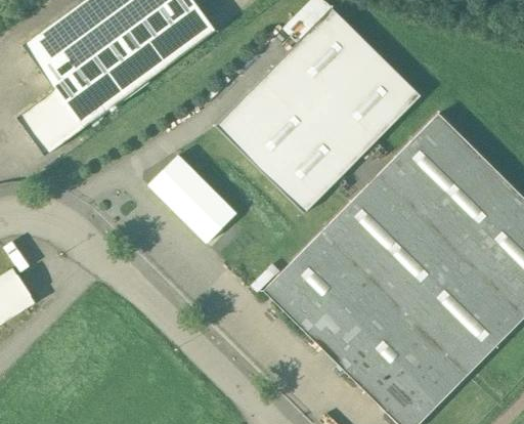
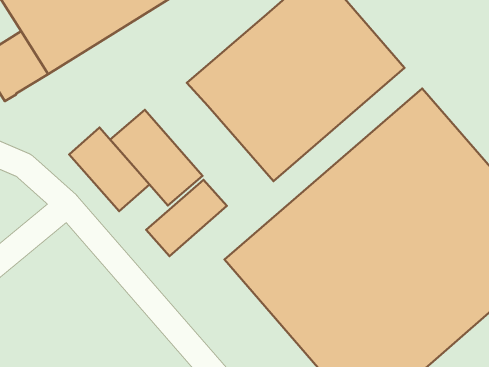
building: none -> [69,127,149,211]
building: none -> [146,180,227,256]

